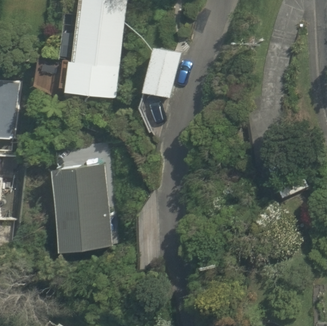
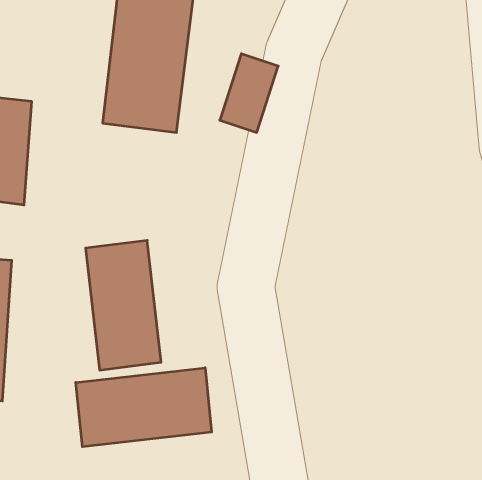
building: none -> [76,368,212,447]

